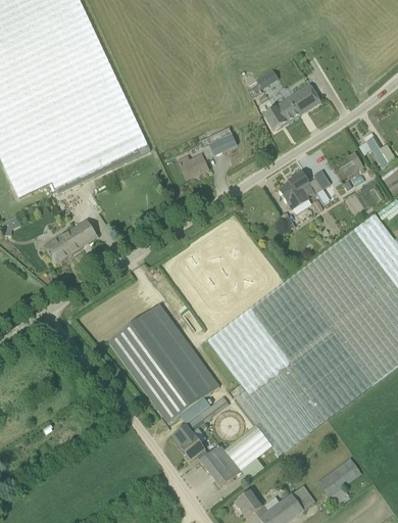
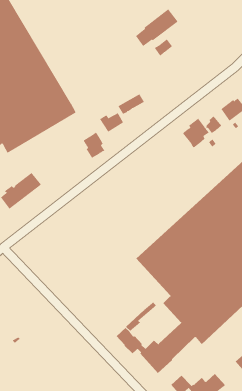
building: [264,85,320,130] -> [135,8,179,47]
building: none -> [83,131,105,159]
building: [108,304,219,424] -> none

